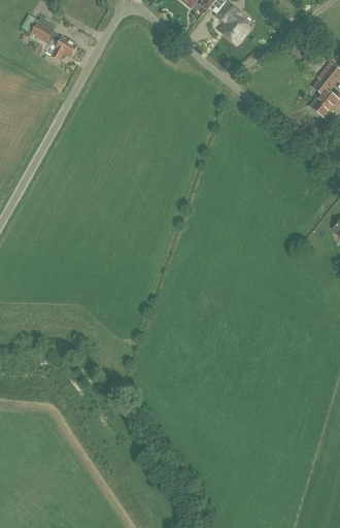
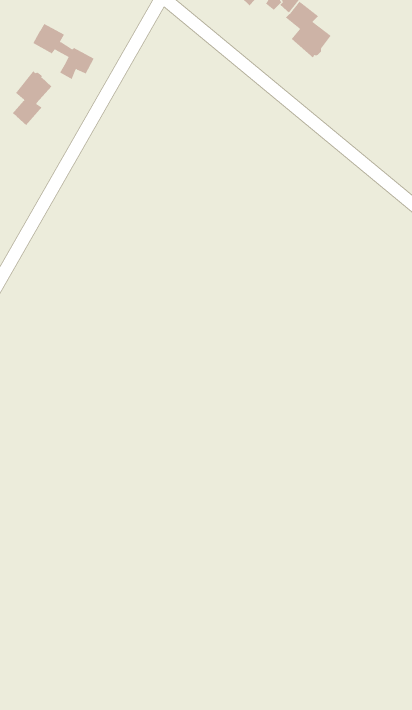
building: none -> [12,70,52,126]

